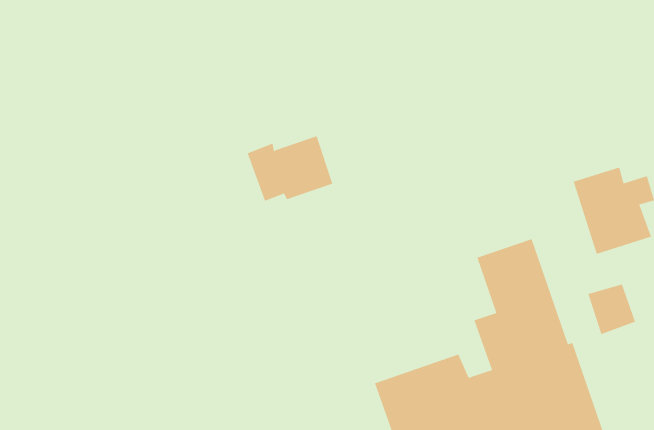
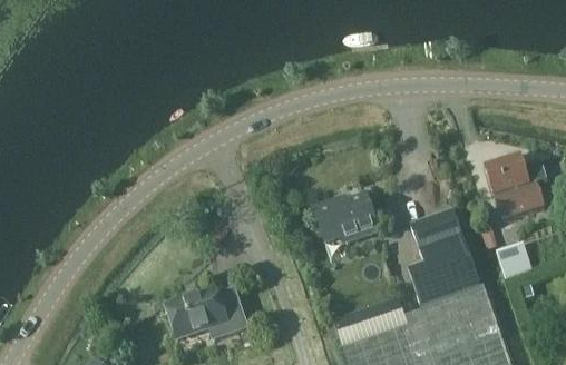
building: [247,136,333,201] -> [312,195,378,245]
building: none -> [164,287,247,338]

